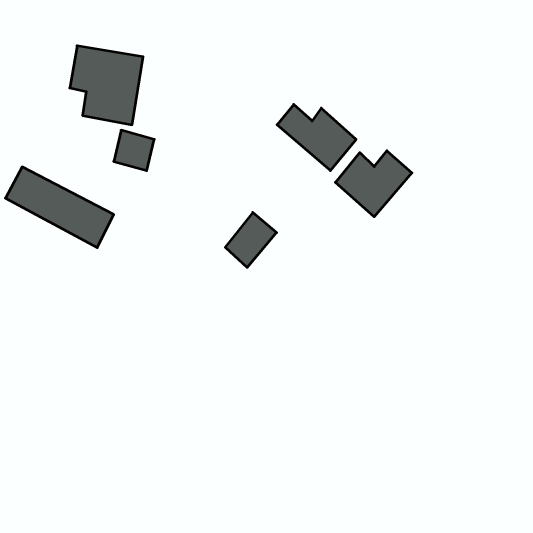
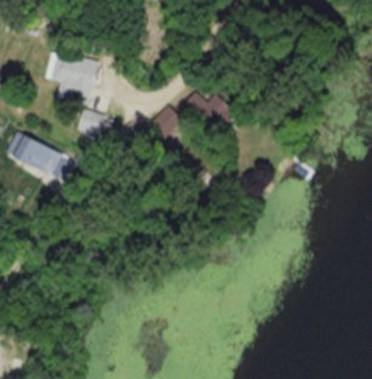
building: [335,151,412,217] -> none
building: [225,212,277,267] -> [151,105,185,142]

